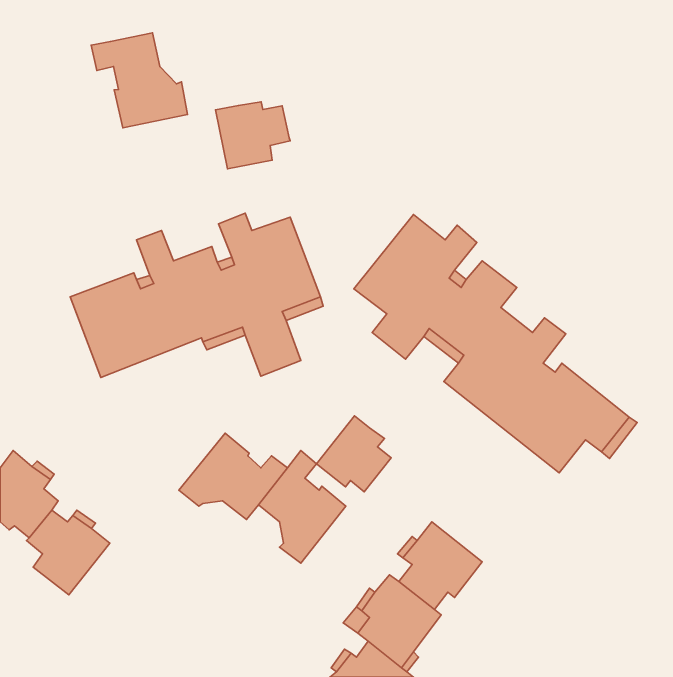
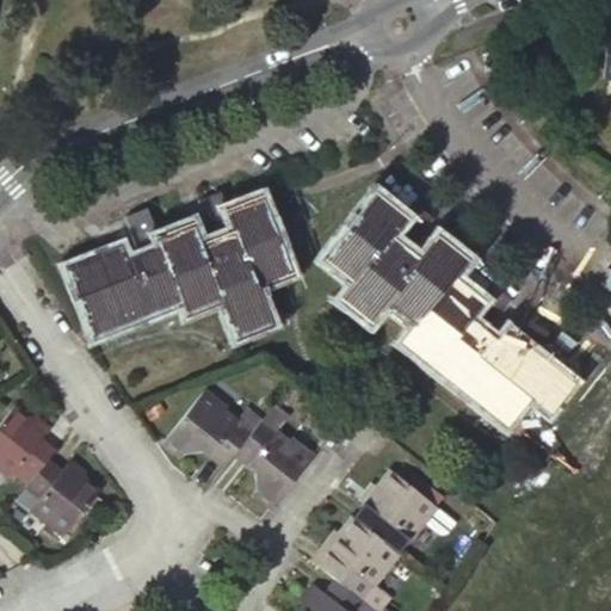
building: [91,33,187,128] -> none
building: [215,102,290,169] -> none
building: [317,416,391,492] -> none

